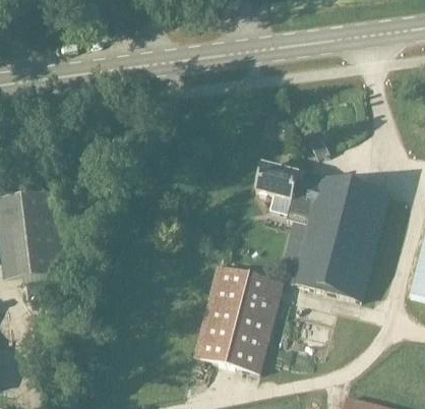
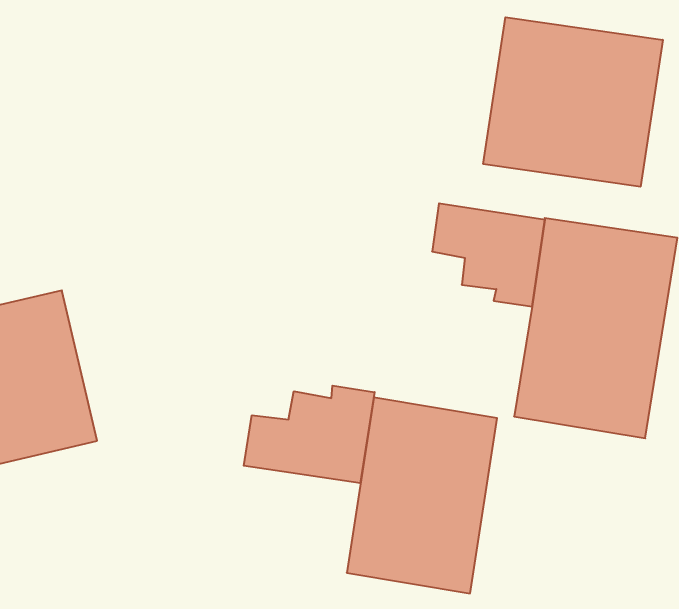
building: none -> [483,17,663,187]
building: none -> [244,386,375,483]

